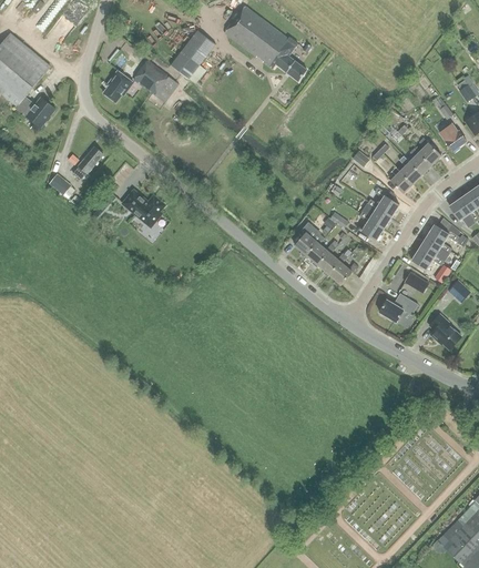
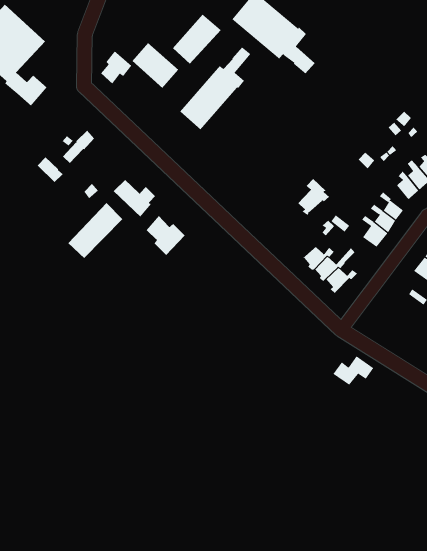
building: none -> [180,47,251,130]
building: none -> [67,202,123,259]
building: [295,222,325,257] -> [298,178,330,215]
building: none -> [146,215,186,256]
building: [379,293,418,322] -> [333,355,374,386]

